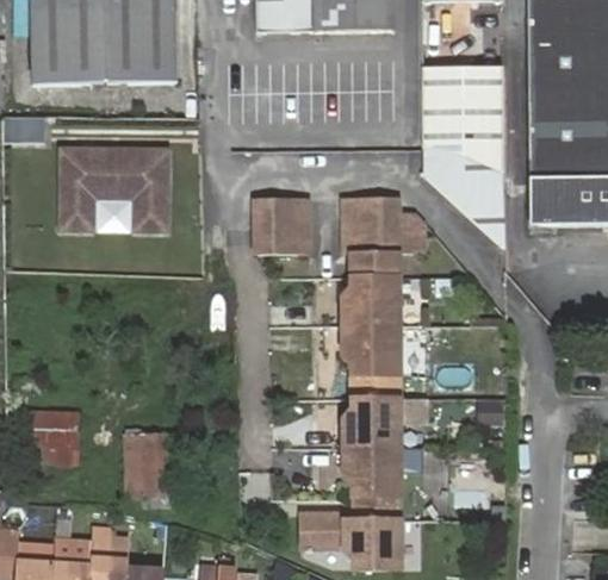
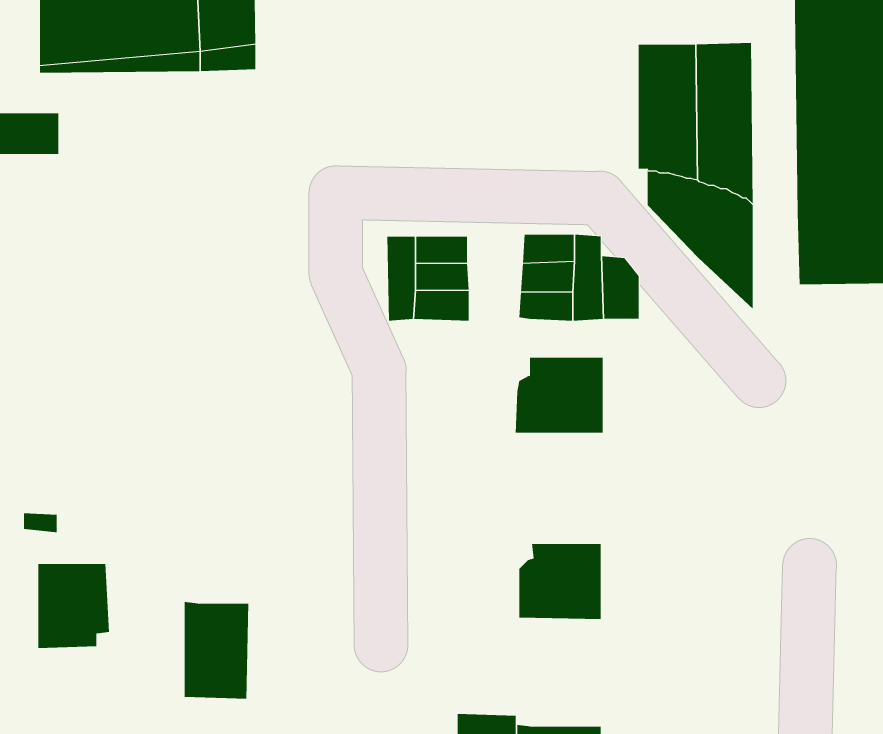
building: [60,145,168,232] -> none
building: [354,251,403,276] -> none
building: [345,326,403,399] -> none
building: [347,448,402,519] -> none

